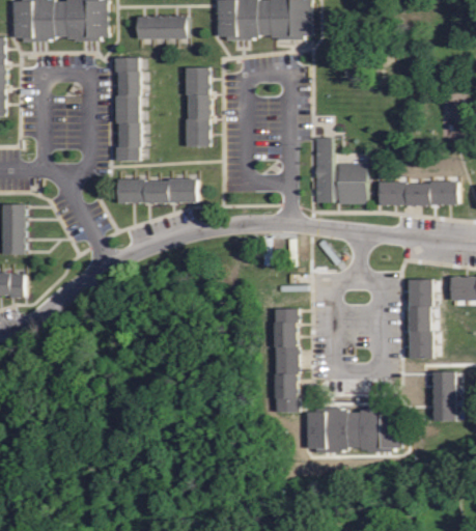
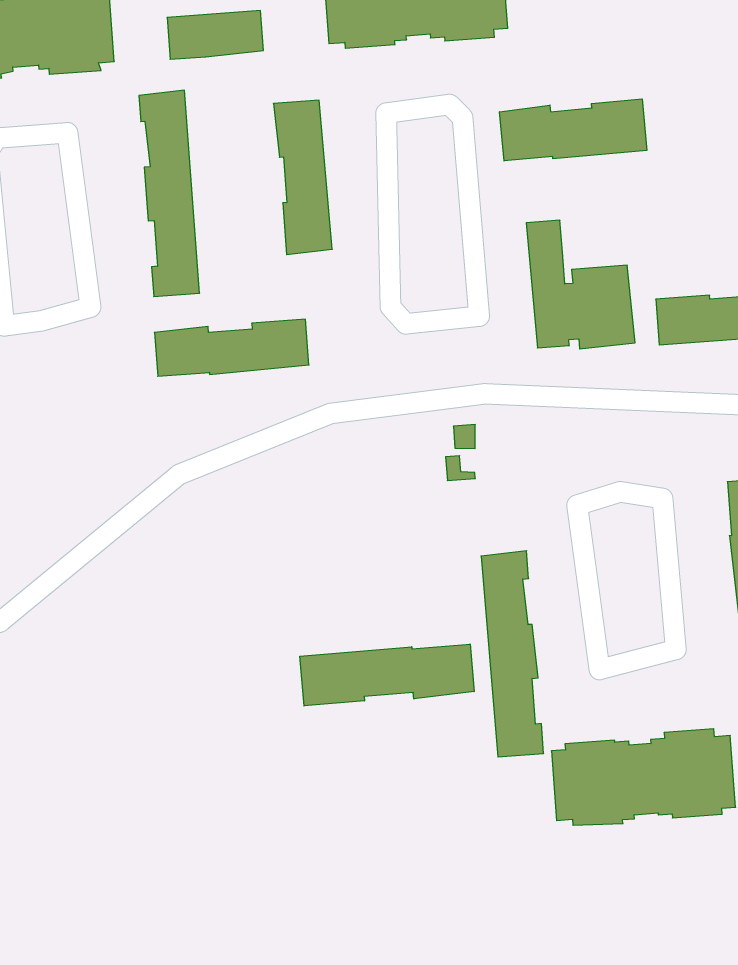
building: none -> [500,99,647,161]
building: none -> [300,644,474,706]

